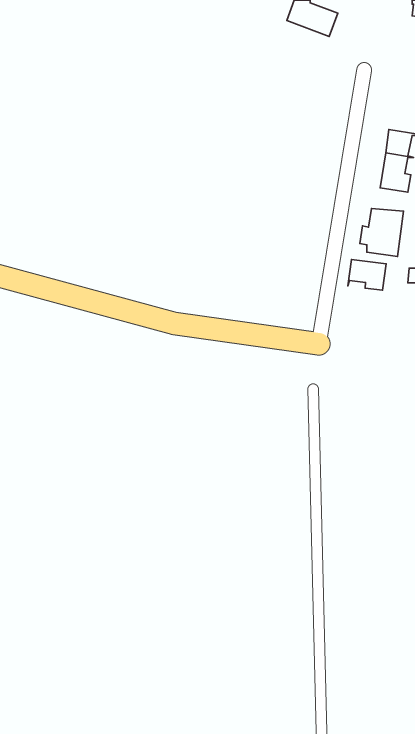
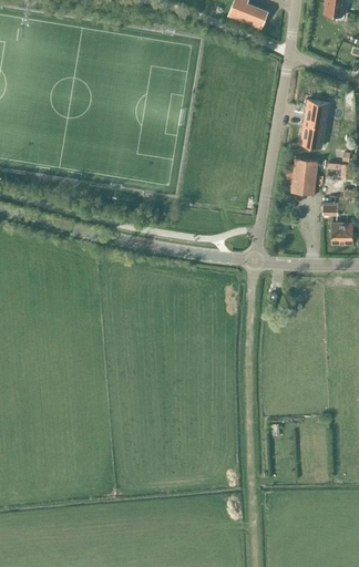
building: [348,259,386,290] -> none

